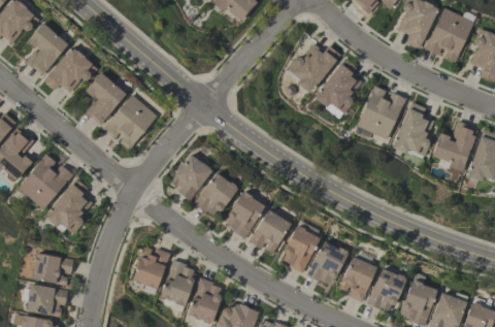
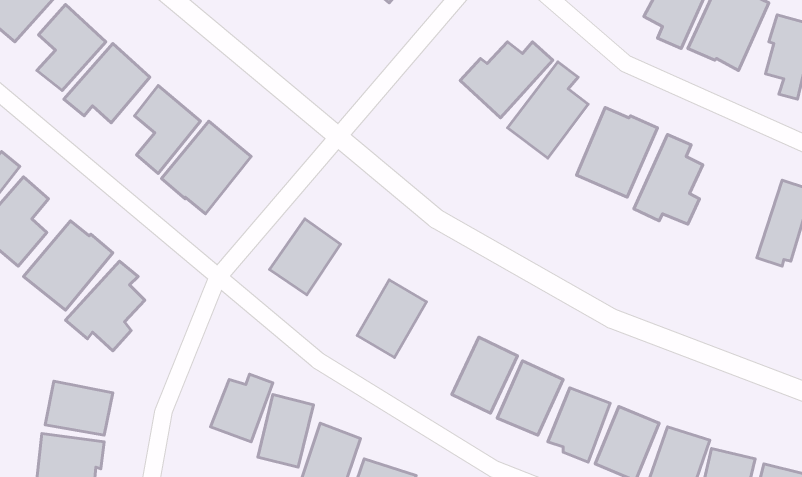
building: [431,122,475,169] -> none
building: [193,171,237,212] -> none
building: [249,208,291,254] -> none

